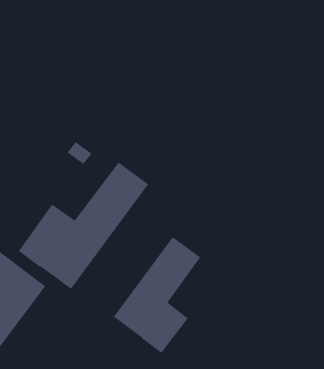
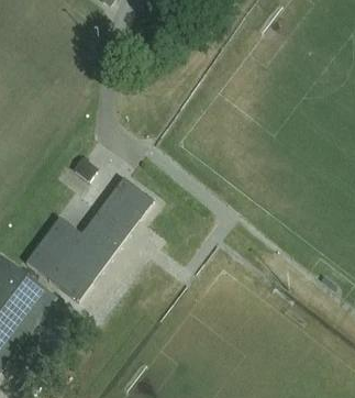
building: [113,236,201,354] -> none

